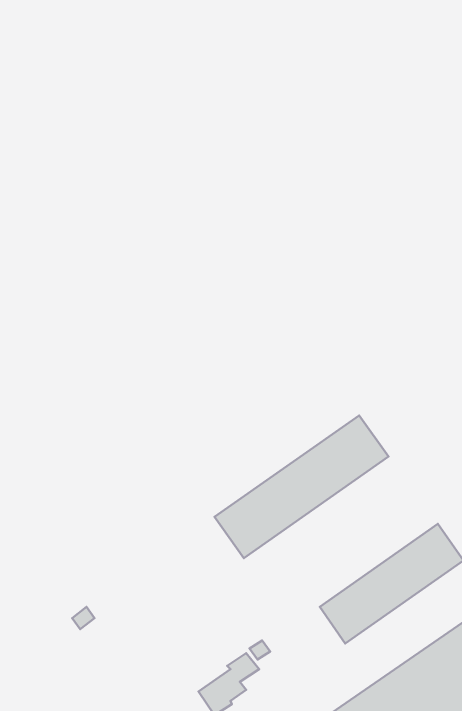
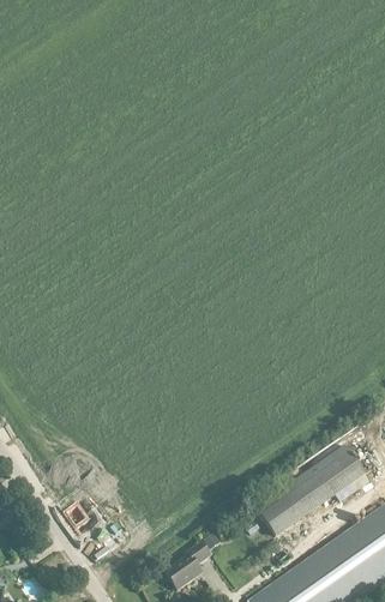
building: [214,415,388,558] -> none

